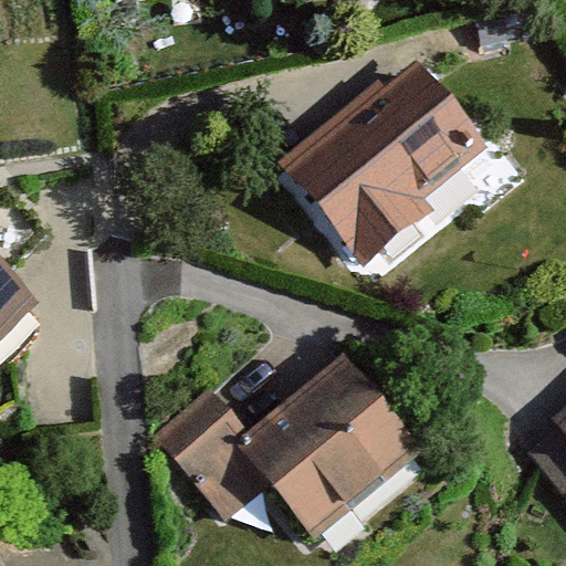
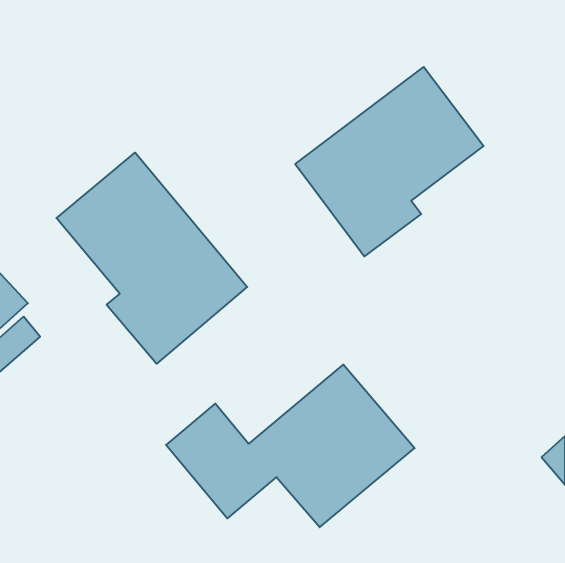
building: none -> [56,153,247,364]

